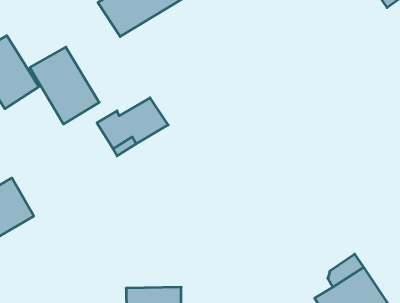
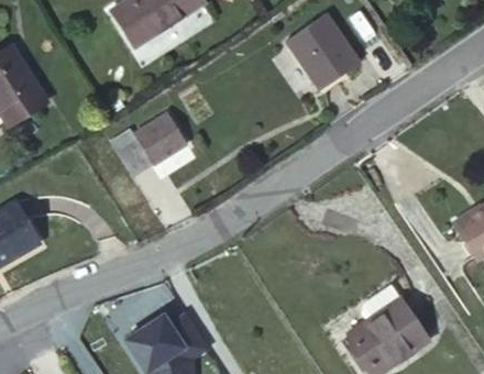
building: none -> [285,13,360,89]
building: [30,47,99,124] -> none

